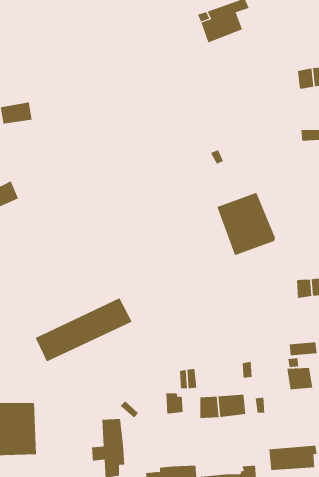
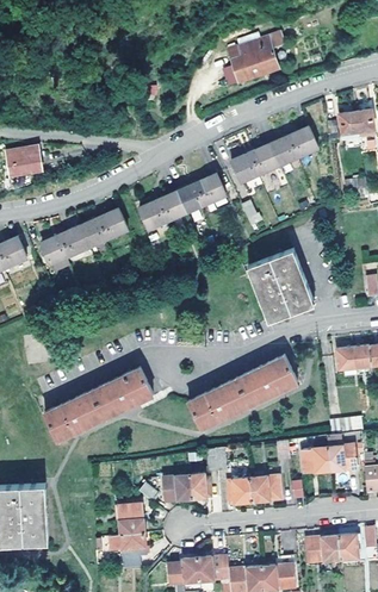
building: none -> [231,126,317,182]
building: none -> [138,174,225,230]
building: none -> [42,208,128,263]
building: none -> [188,356,297,429]
building: none -> [300,448,330,474]
building: none -> [165,475,192,501]

